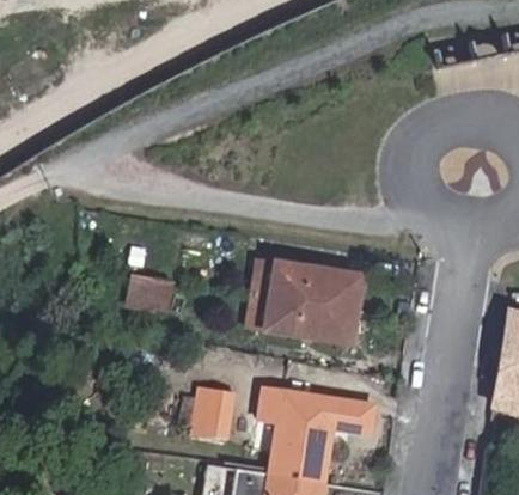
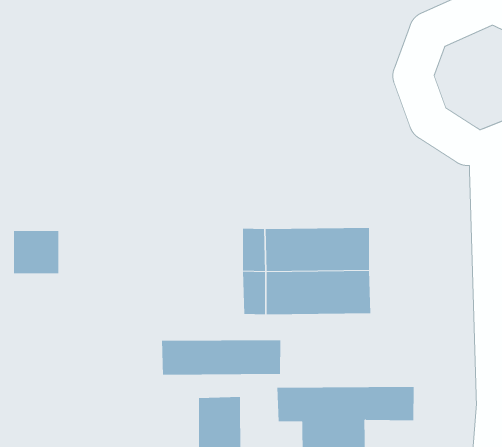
building: [127,273,170,313] -> [13,230,59,274]
building: none -> [161,339,281,375]

